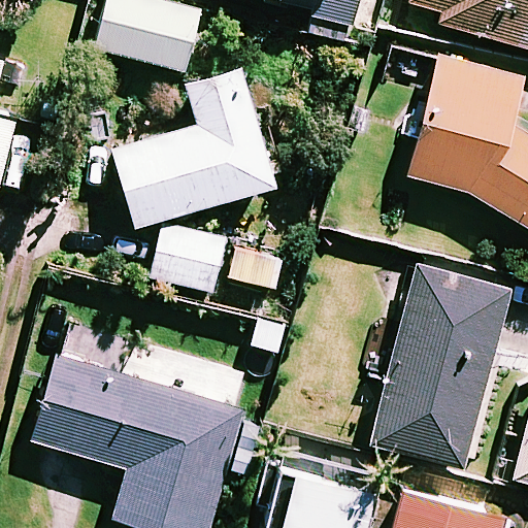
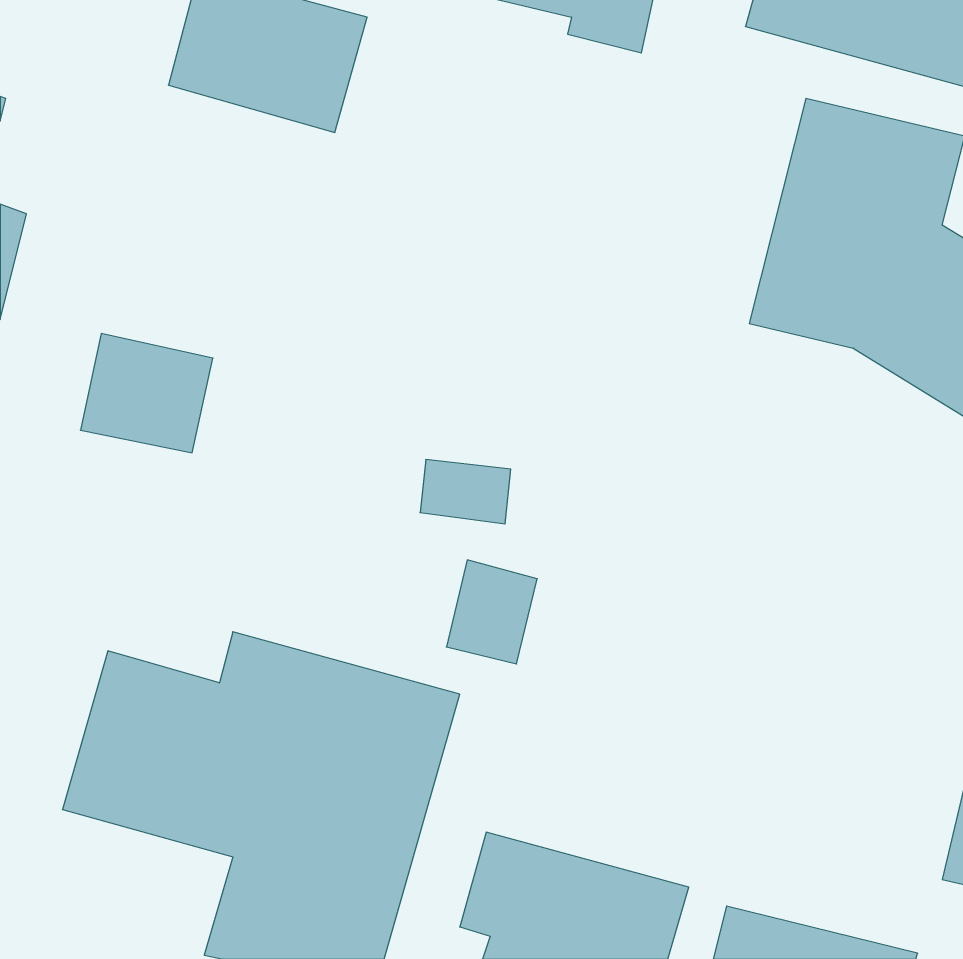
building: [112,70,274,227] -> none
building: [153,225,225,290] -> [80,334,213,453]
building: [373,269,508,468] -> none

